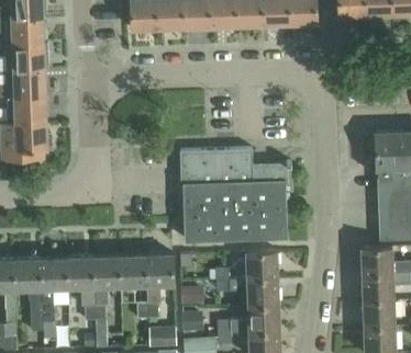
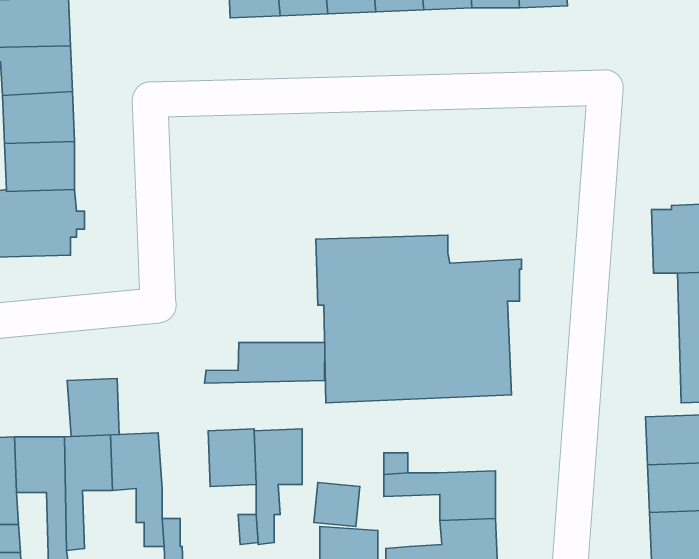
building: none -> [204,342,325,383]
building: [246,251,278,280] -> none
building: [92,257,121,288] -> [67,379,119,436]

